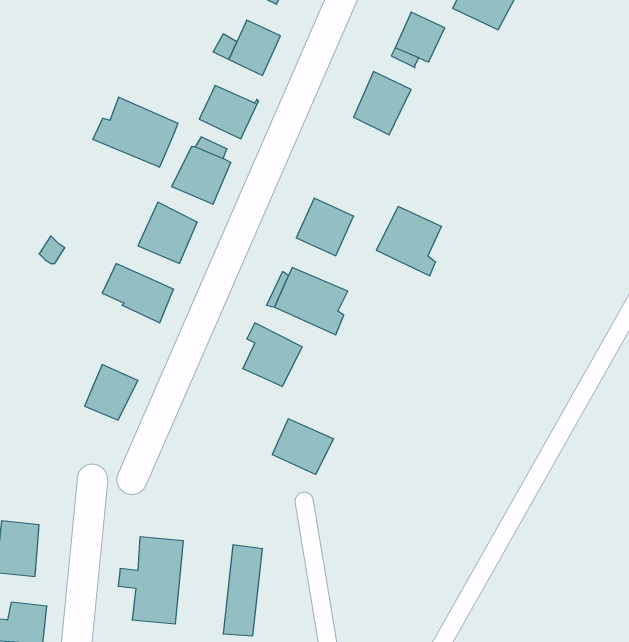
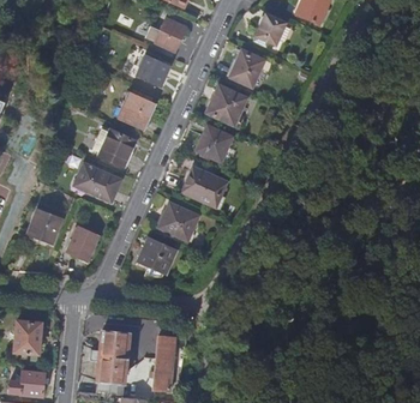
building: [93,97,178,167] -> none
building: [376,207,442,276] -> [208,85,247,127]
building: none -> [25,210,60,243]
building: [272,419,334,474] -> [139,237,176,271]

